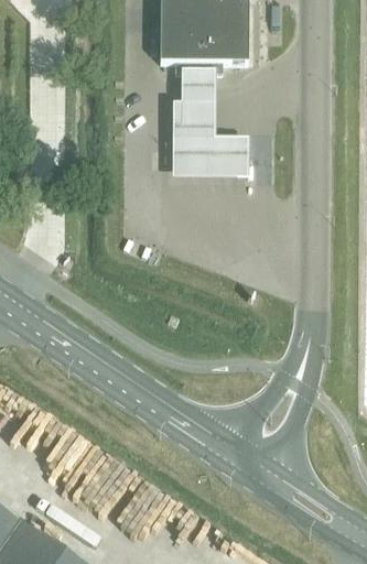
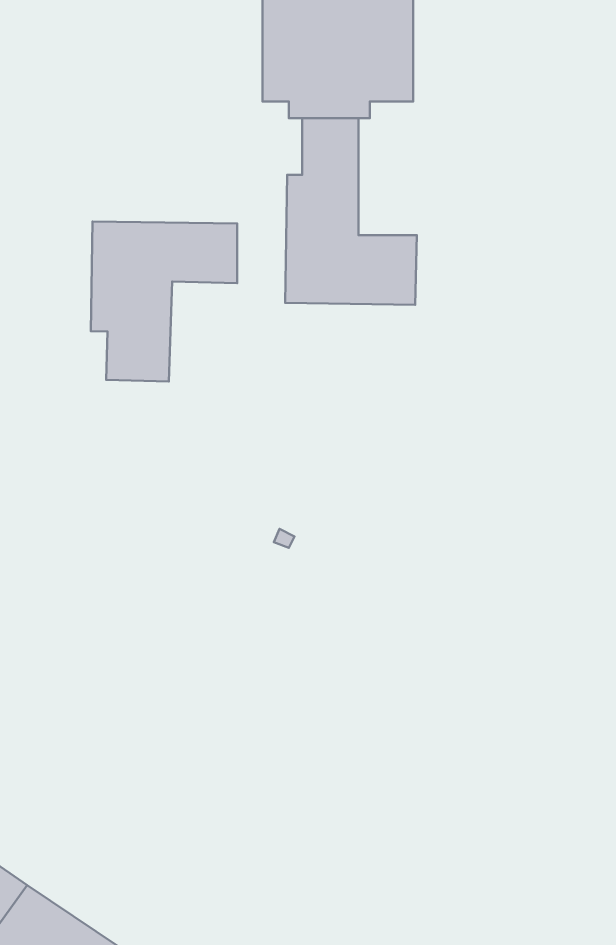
building: none -> [91,221,237,382]

